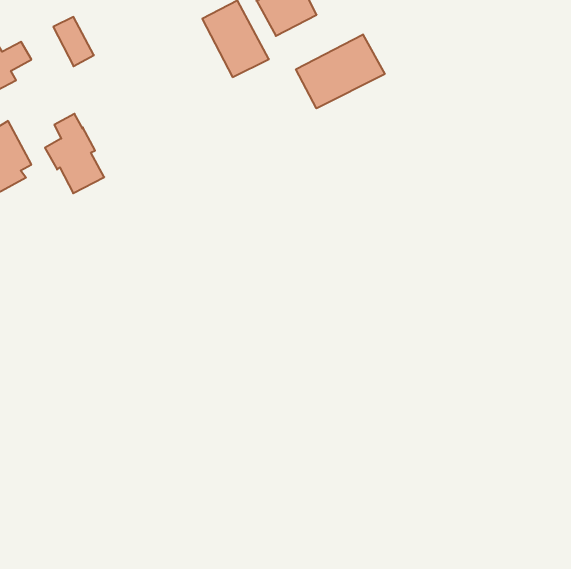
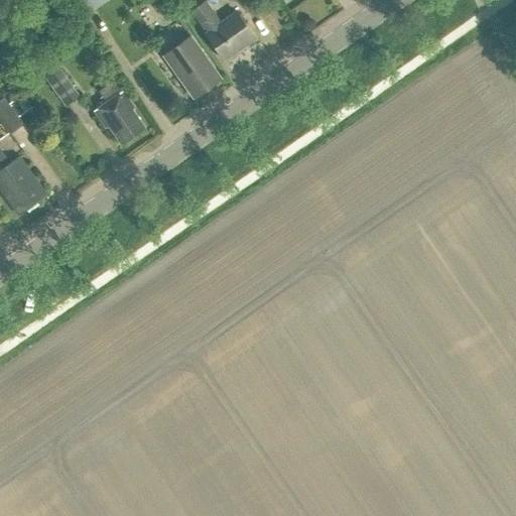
building: [296,34,385,108] -> none
building: [45,114,104,193] -> [94,81,144,144]

